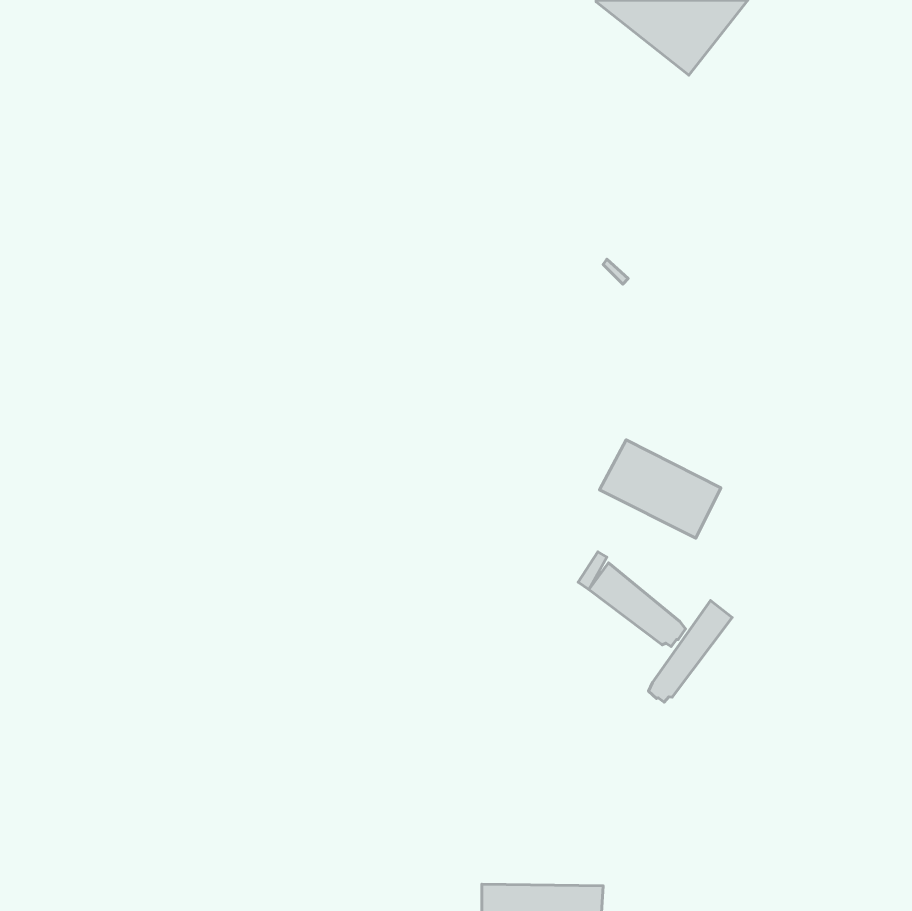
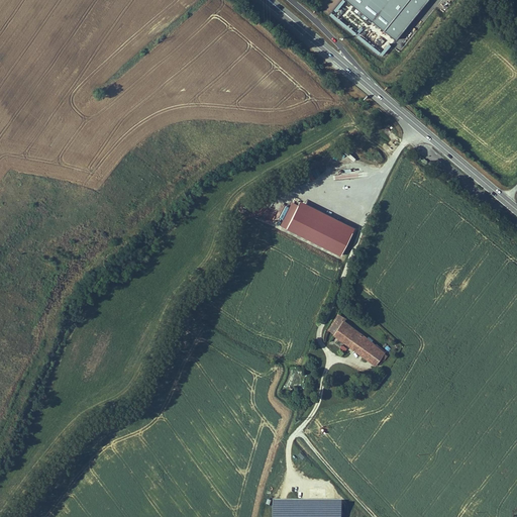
building: [600,440,721,538] -> [286,200,354,255]
building: [648,600,732,702] -> none

